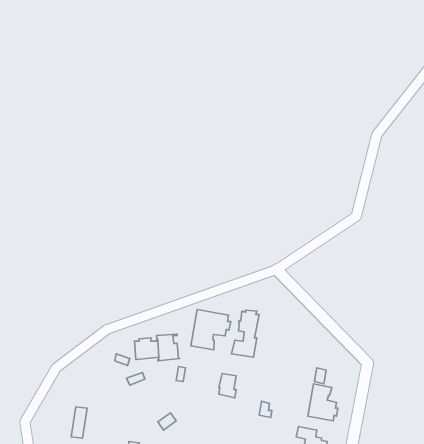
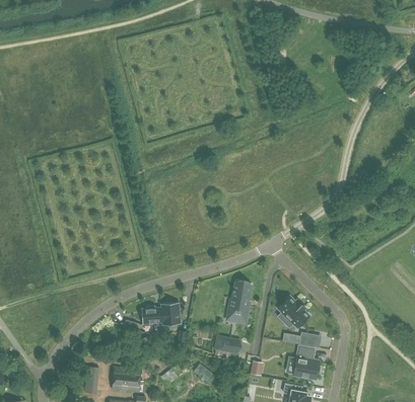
building: [191,310,231,350] -> none
building: none -> [278,296,308,327]
building: none -> [112,367,143,392]

